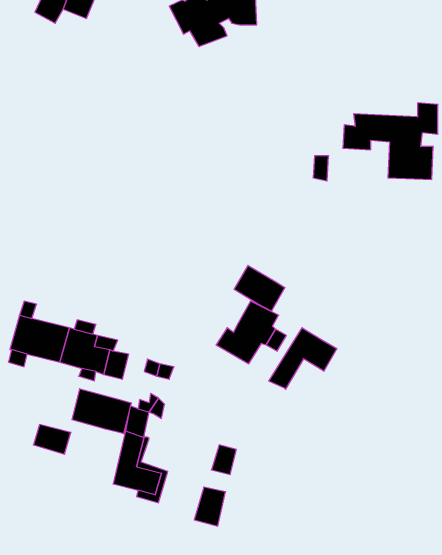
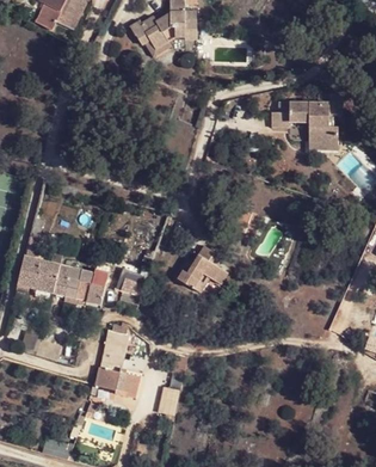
building: [234,265,285,312] -> none
building: [269,328,337,389] -> none
building: [72,389,131,434] -> none

